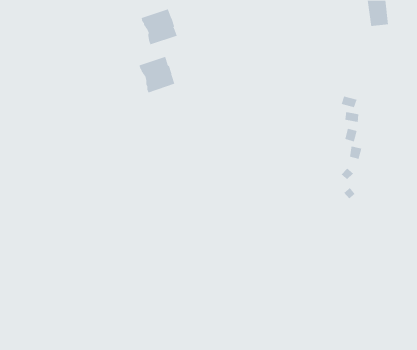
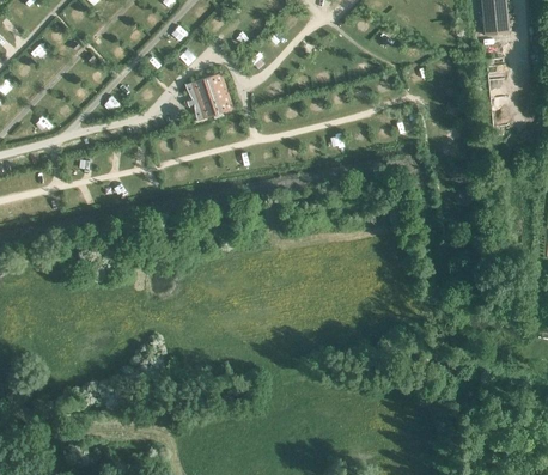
building: [140,9,177,46] -> none

